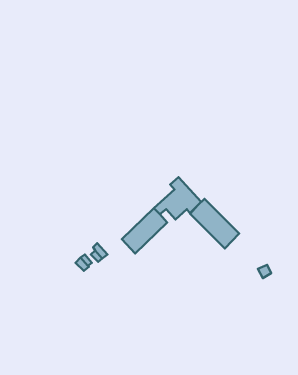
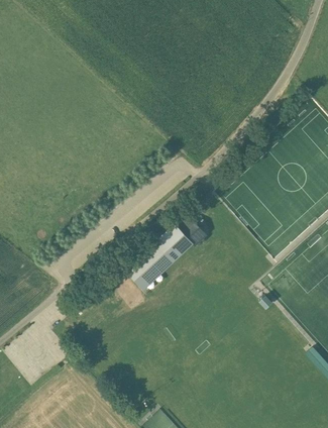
building: [190,199,239,248] -> none

